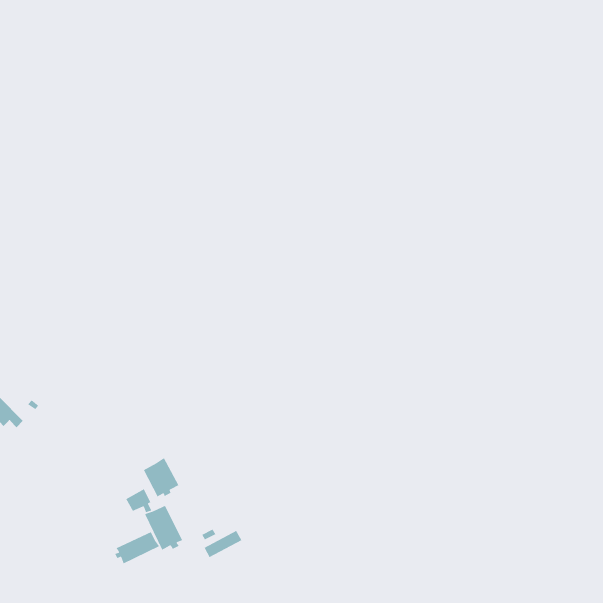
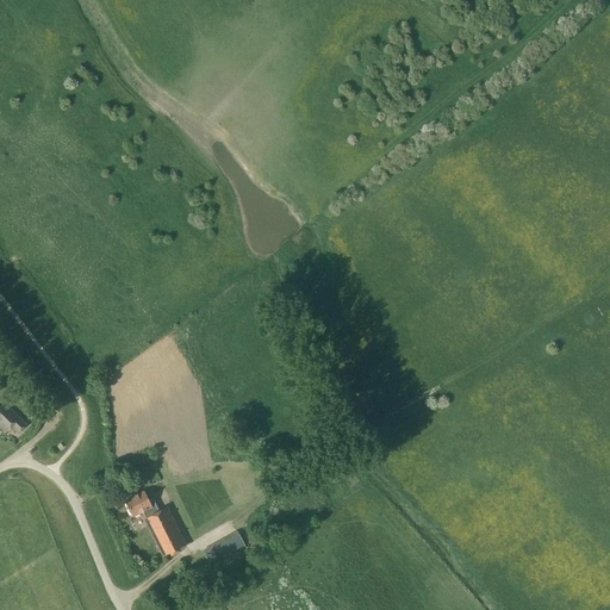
building: [143,458,180,498] -> none
building: [114,531,159,564] -> none

